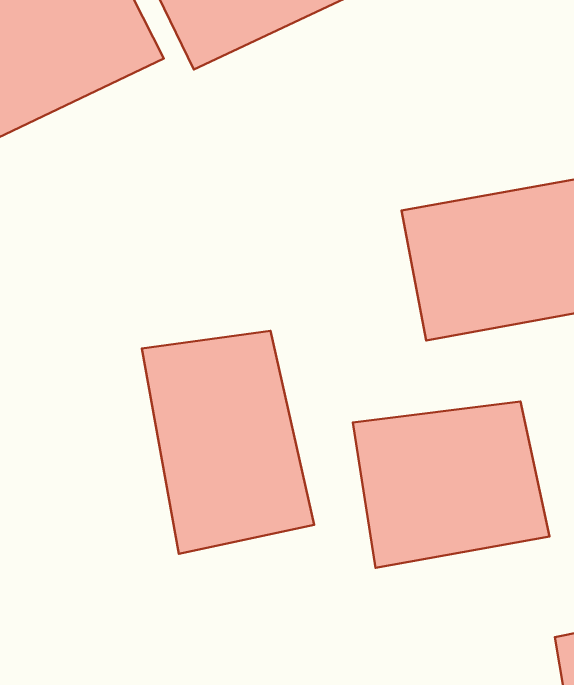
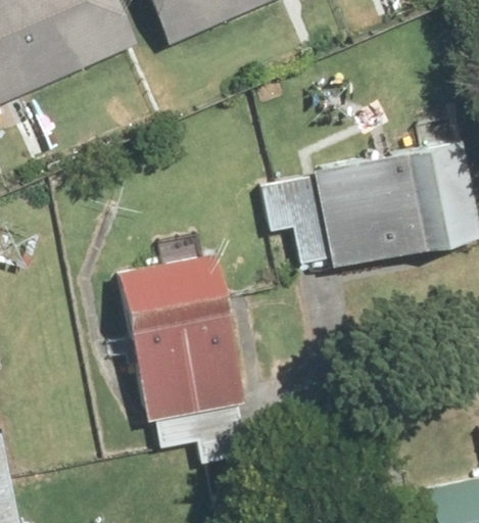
building: [353,402,550,568] -> none

